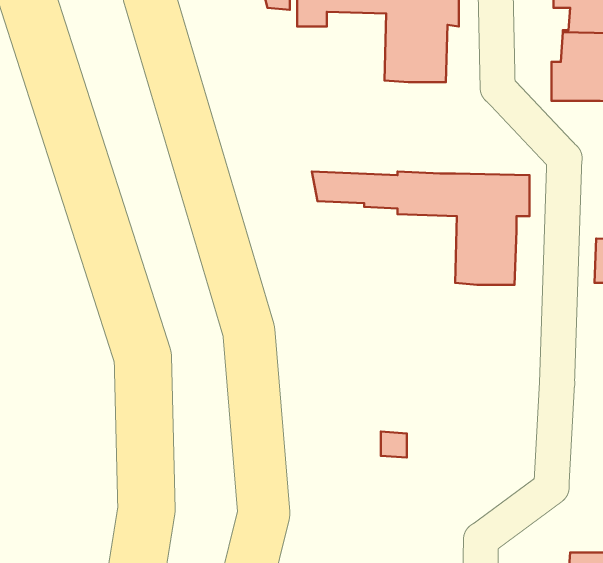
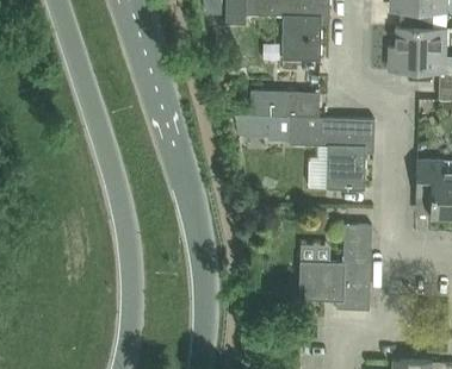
building: none -> [254,92,318,118]
building: none -> [299,224,372,309]

